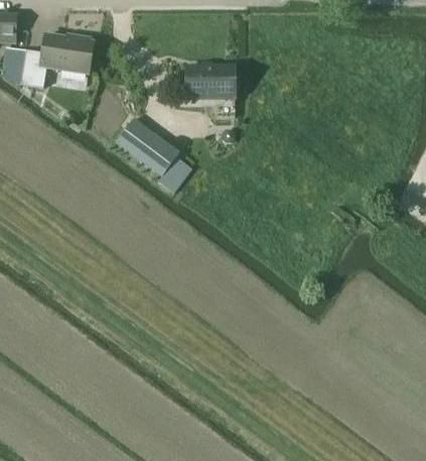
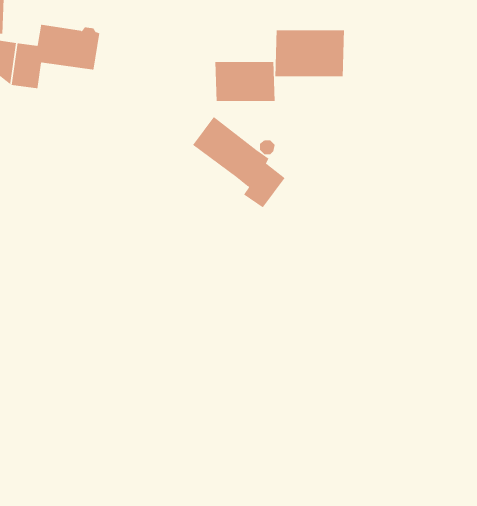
building: none -> [275,30,345,77]
building: [117,117,192,192] -> [192,116,285,208]

